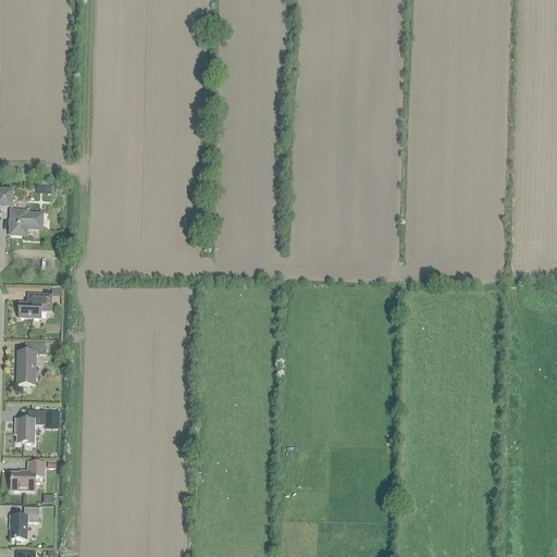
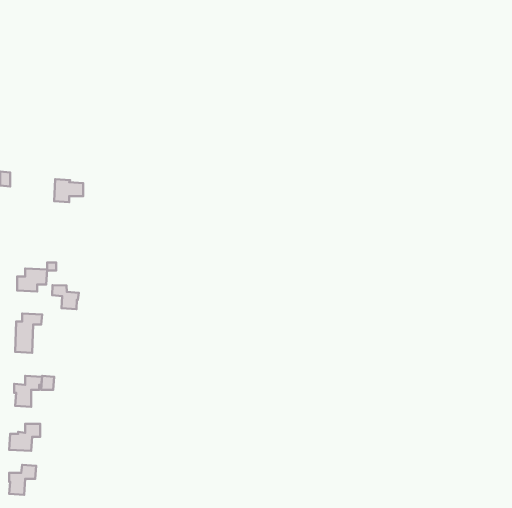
building: [10,208,41,233] -> [54,179,83,202]
building: none -> [52,285,79,309]

